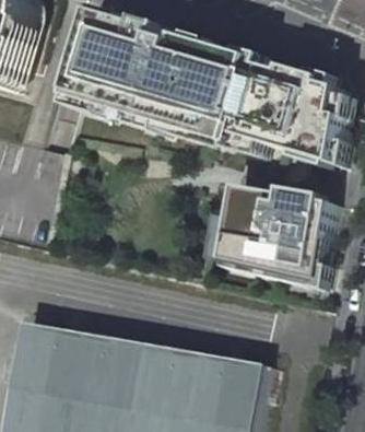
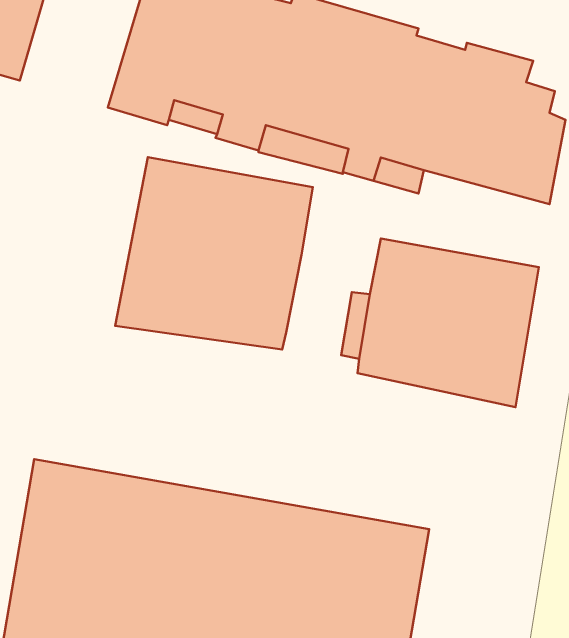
building: none -> [115,157,313,350]

